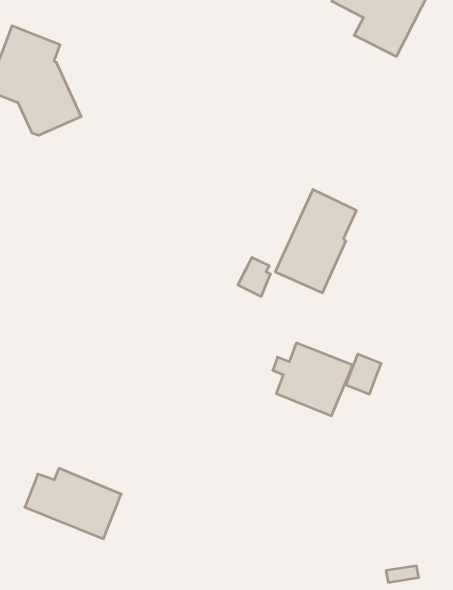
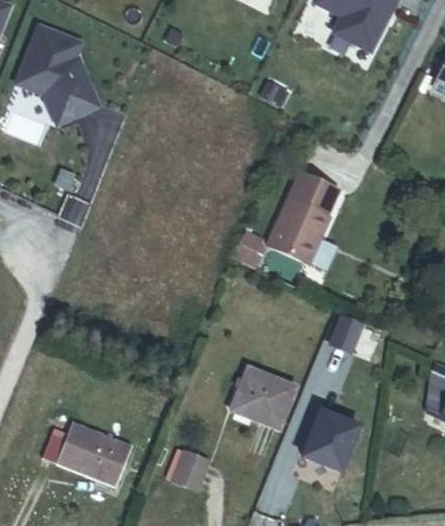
building: [273,343,353,416] -> [225,372,295,436]
building: none -> [301,414,358,476]
building: none -> [174,453,209,493]

